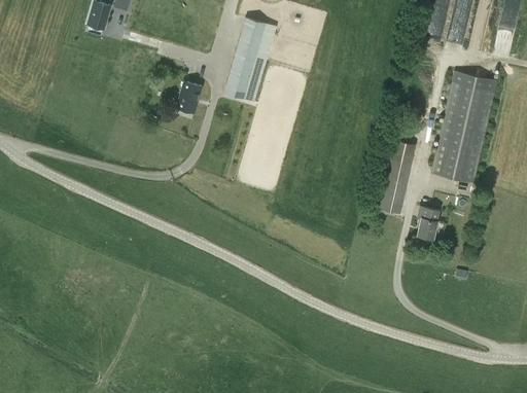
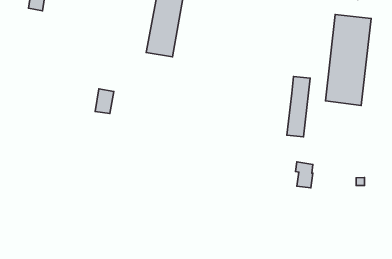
building: [177,81,202,112] -> [95,89,114,113]
building: [418,206,440,239] -> [295,162,313,188]

